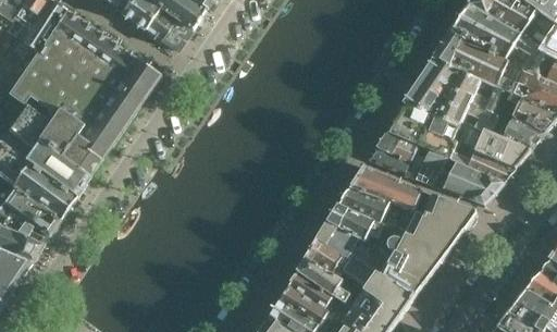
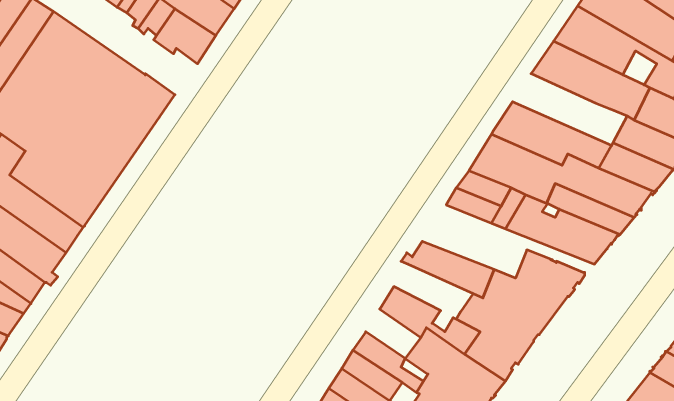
building: [420,58,508,113] -> none
building: [350,167,431,216] -> none
building: [329,205,389,244] -> none
building: [307,239,349,278] -> none

